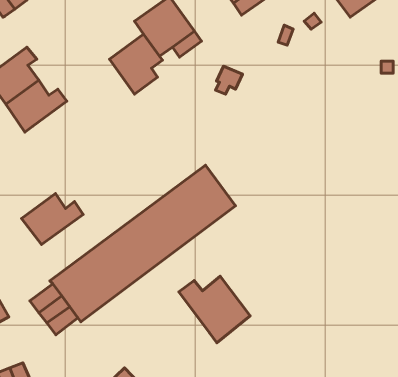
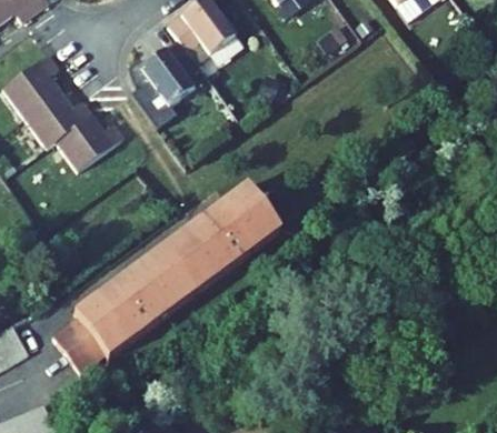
building: [21,193,83,244] -> [54,114,123,171]
building: [179,276,250,343] -> none

